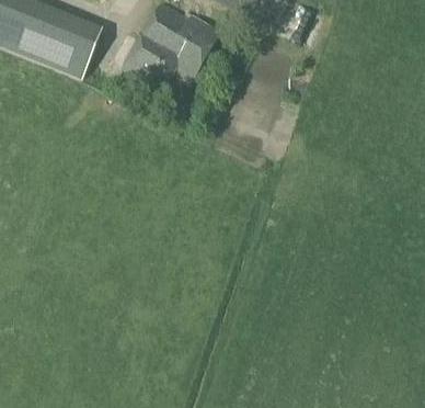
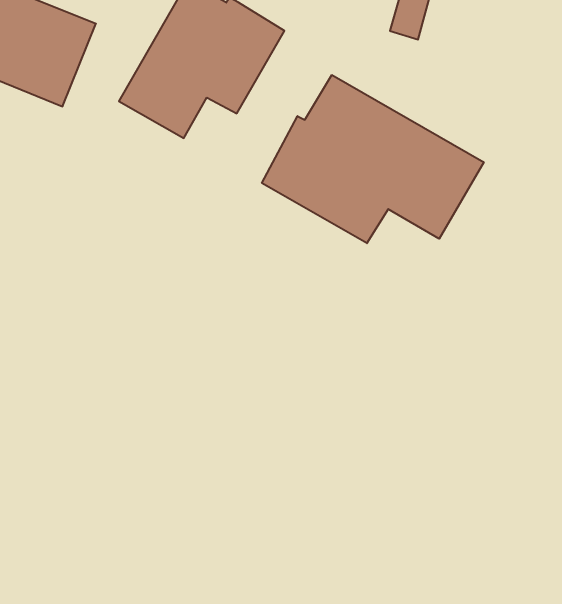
building: none -> [262,75,484,243]

